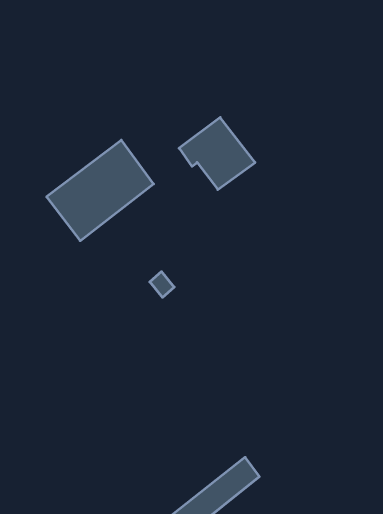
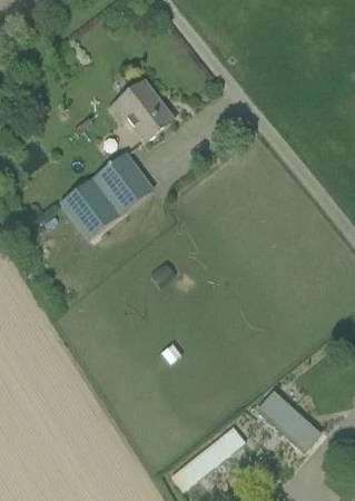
building: [179,117,255,190] -> [109,80,175,143]
building: none -> [259,393,321,451]

